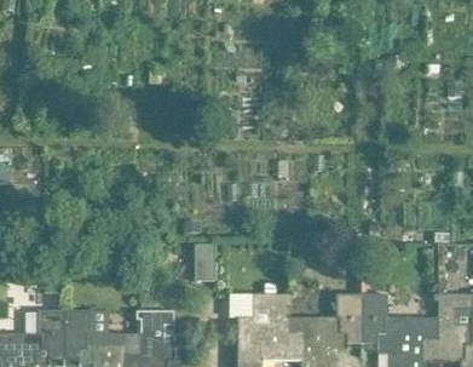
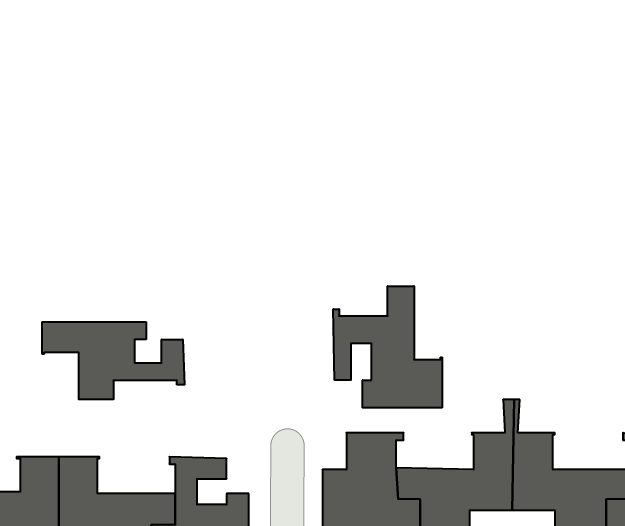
building: none -> [333,286,442,408]
building: none -> [42,322,185,399]
building: [195,242,214,280] -> none

